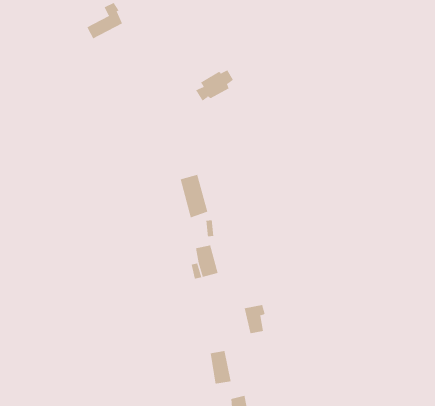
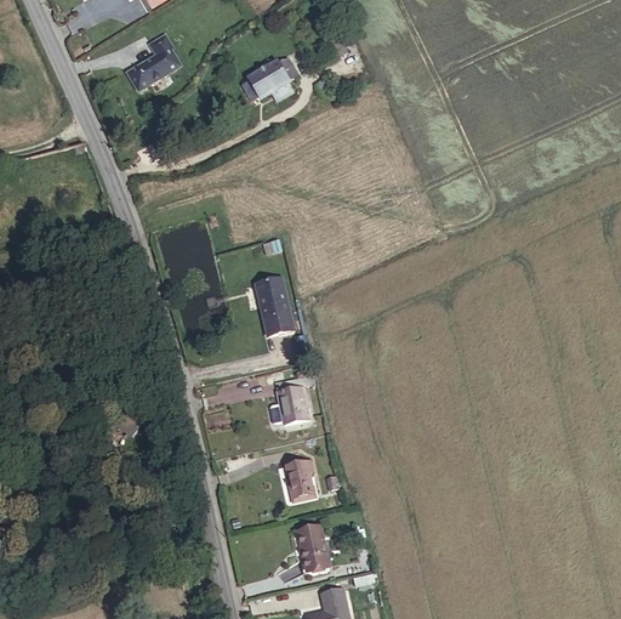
building: [195,70,234,101] -> [241,61,296,106]
building: [244,305,265,334] -> [283,459,313,500]

